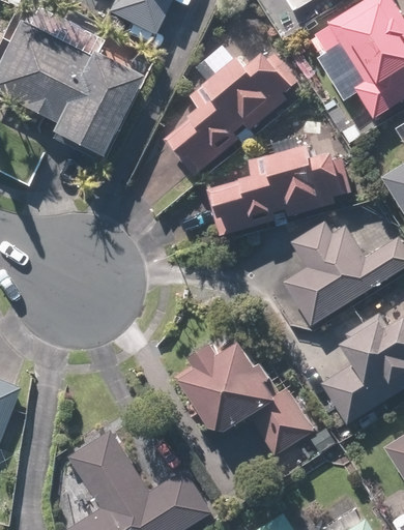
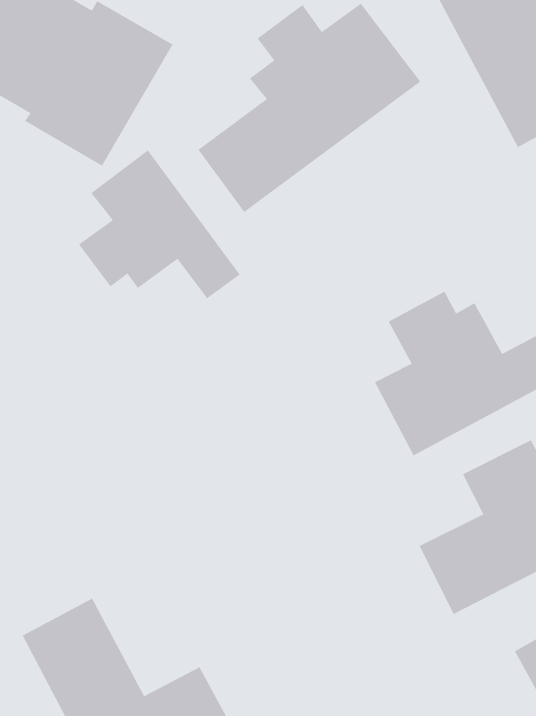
building: [206,140,352,235] -> none
building: none -> [78,150,241,299]
building: [184,330,314,457] -> none

